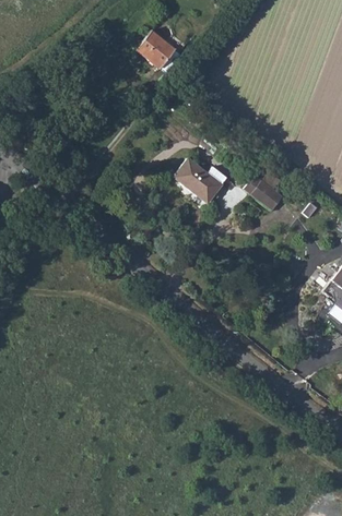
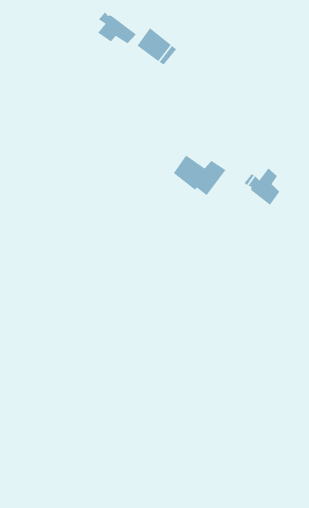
building: none -> [97,12,137,44]

